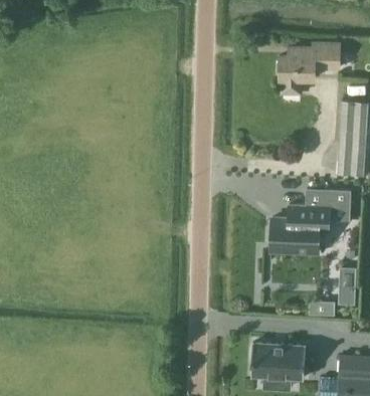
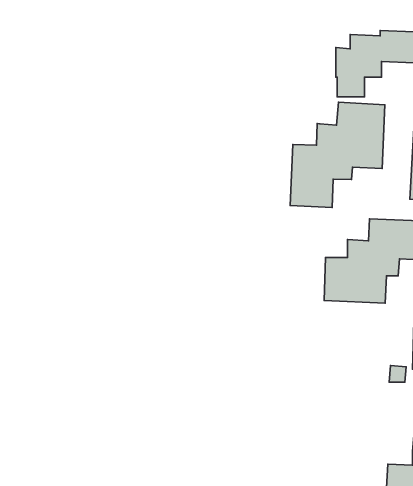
building: none -> [290,102,385,208]
building: [250,343,306,390] -> none

